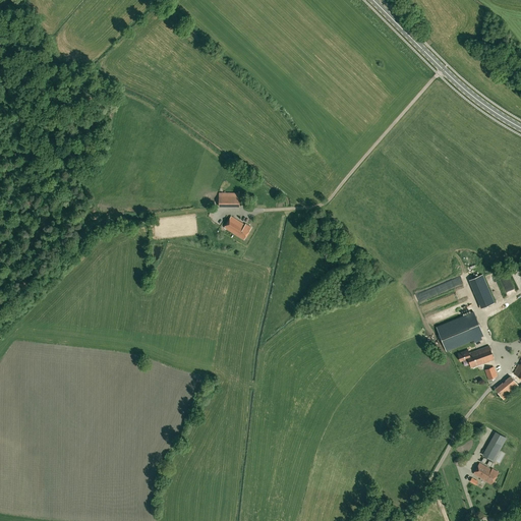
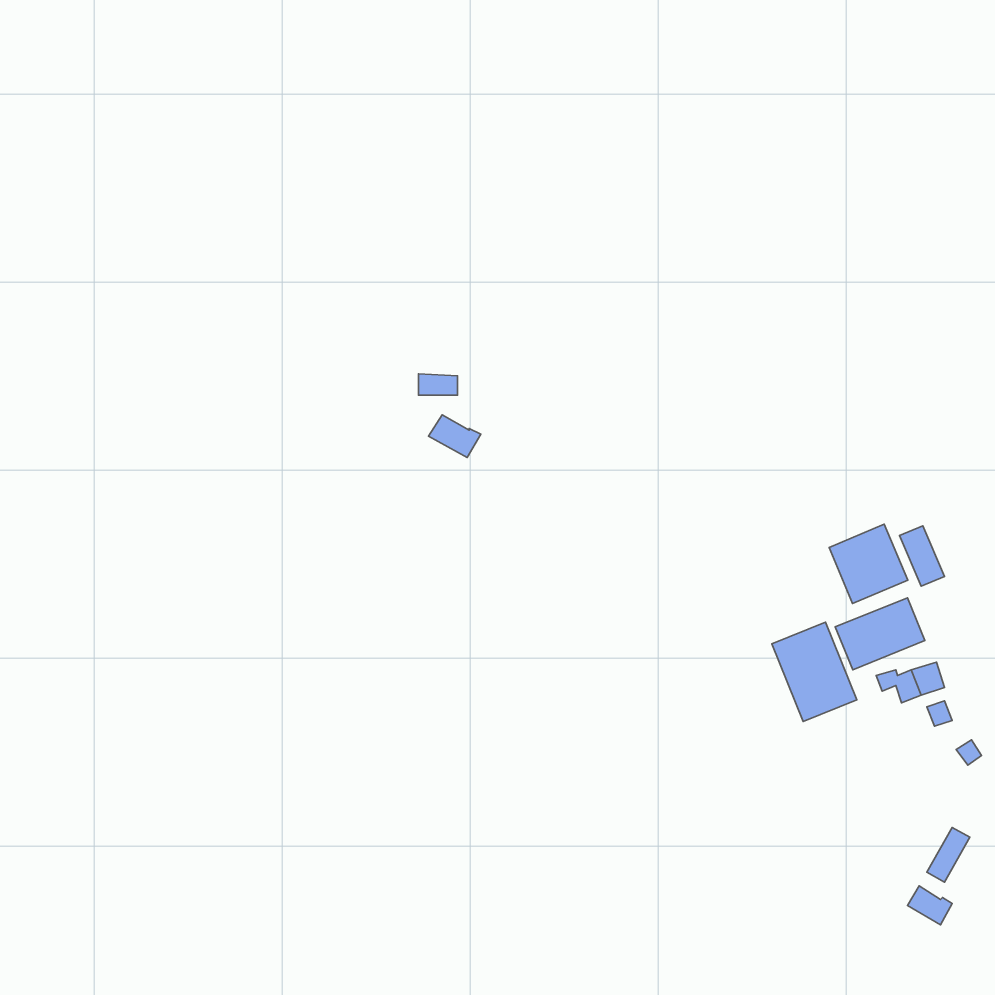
building: none -> [829,524,908,603]
building: none -> [772,622,857,721]

